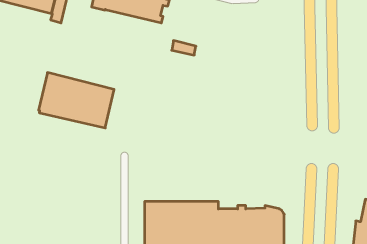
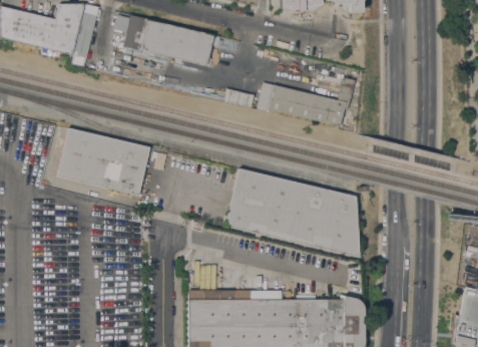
building: none -> [257,77,355,125]
building: none -> [225,169,360,260]

